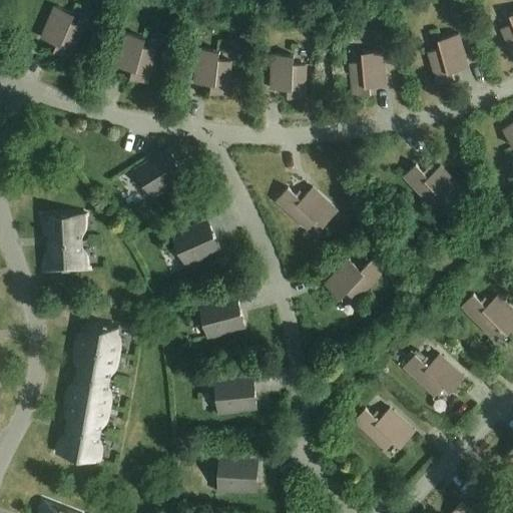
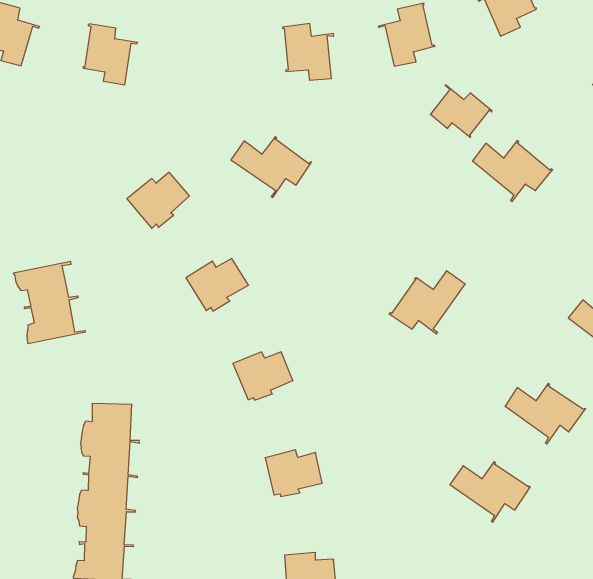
building: [193,50,234,96] -> none
building: none -> [431,85,492,138]
building: [276,188,337,234] -> [231,137,311,197]

